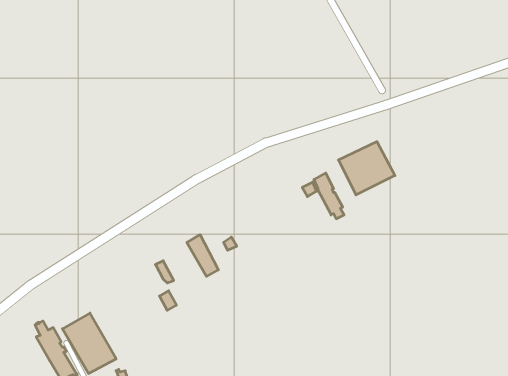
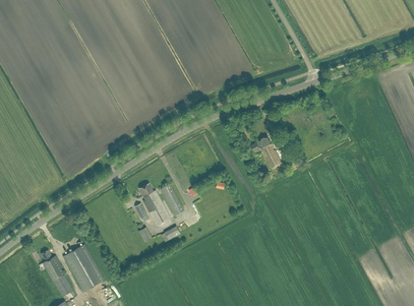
building: [338,142,395,195] -> none
building: none -> [138,183,170,226]

